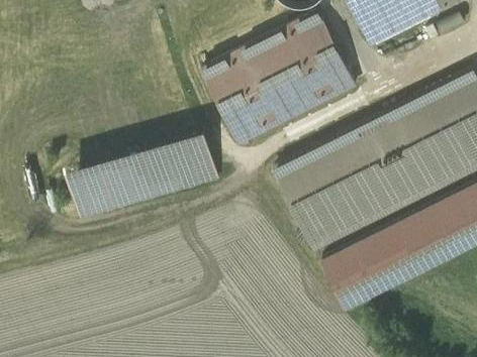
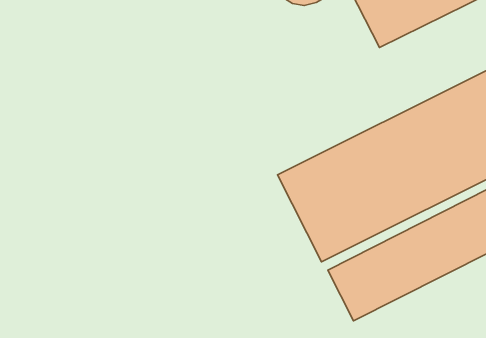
building: [201,13,356,144] -> none
building: [65,129,220,222] -> none

